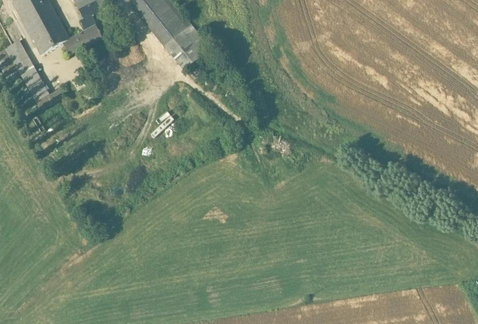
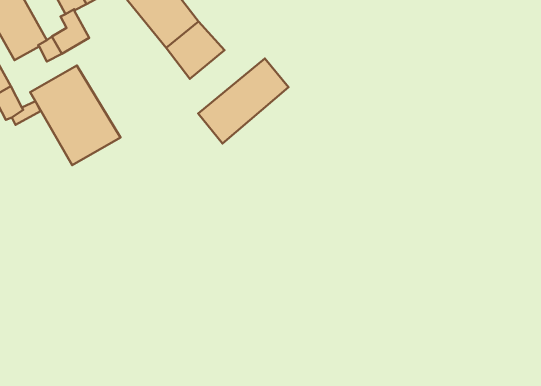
building: none -> [198,59,288,144]
building: none -> [30,65,120,165]

